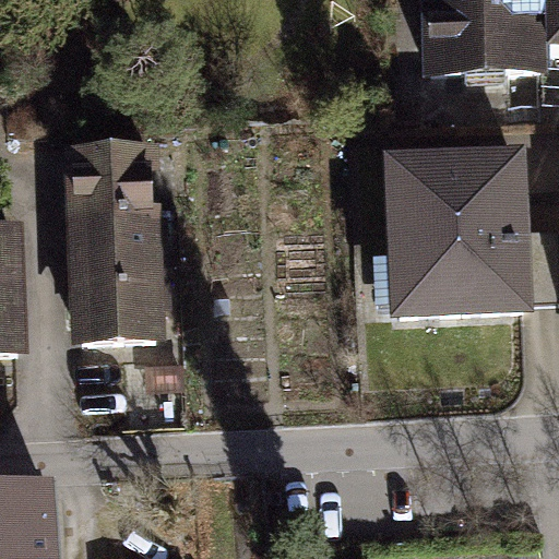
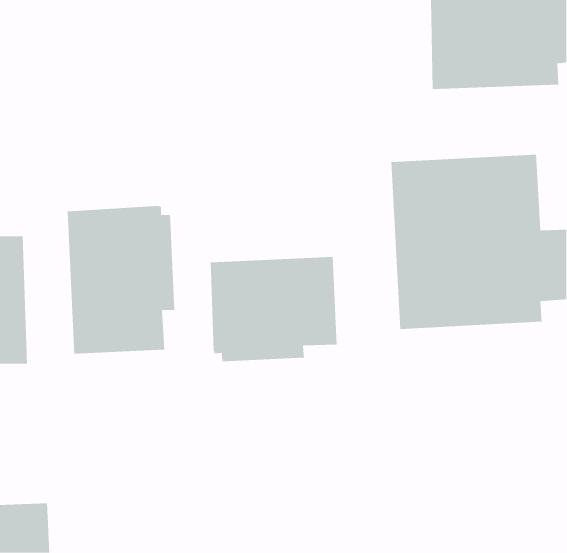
building: [62,144,155,206] -> none
building: none -> [210,256,337,362]

